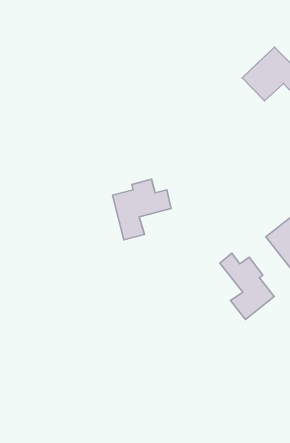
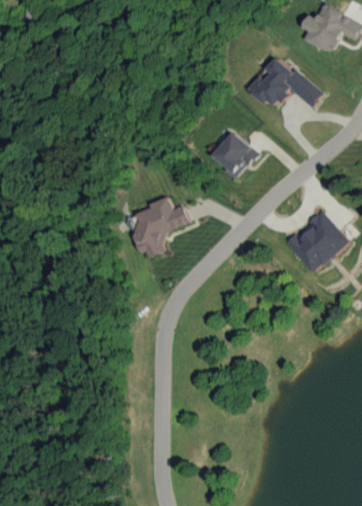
building: none -> [211,132,257,177]
building: [220,253,274,319] -> none

